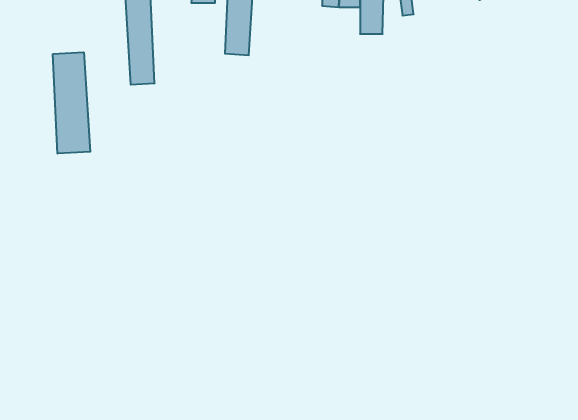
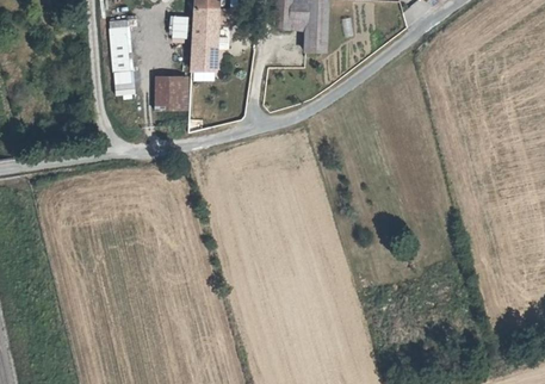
building: [53,52,90,154] -> none
building: none -> [157,79,181,109]

